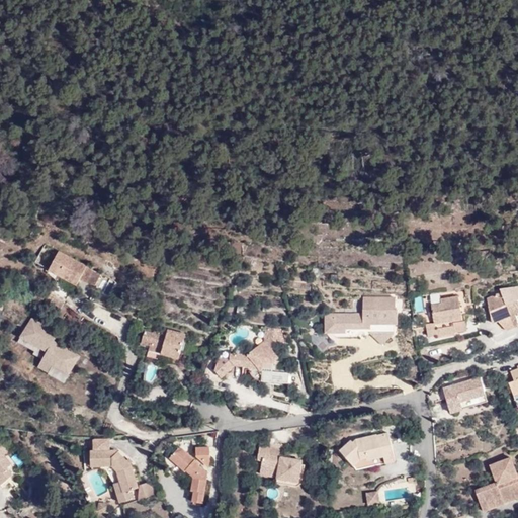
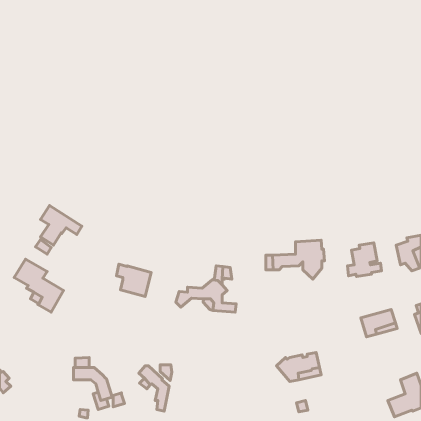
building: [257,445,301,480] -> none

